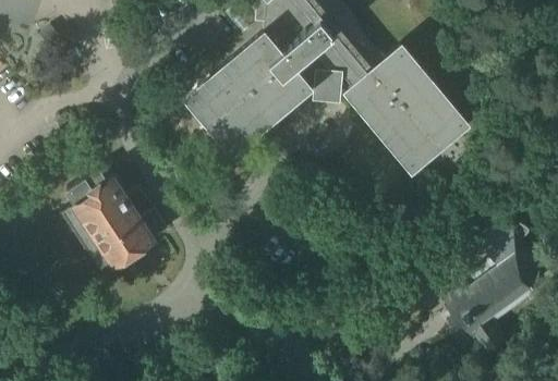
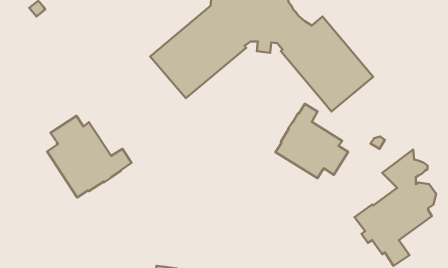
building: none -> [276,104,348,178]

